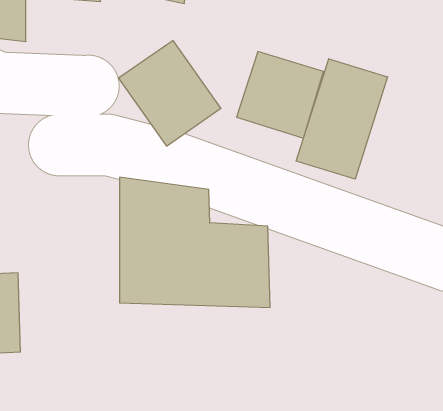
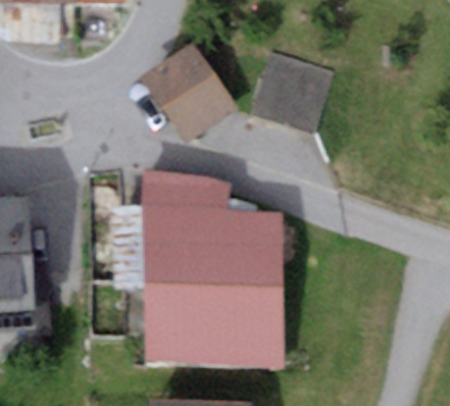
building: [296,59,388,179] -> none
building: none -> [141,284,282,367]

